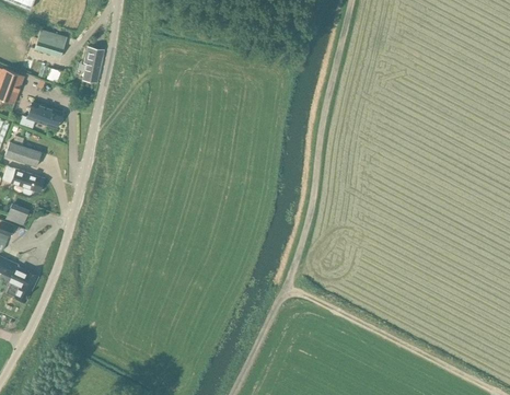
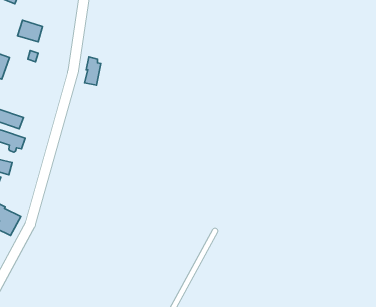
building: [81,46,102,82] -> [84,57,101,85]
building: [19,103,60,128] -> none

